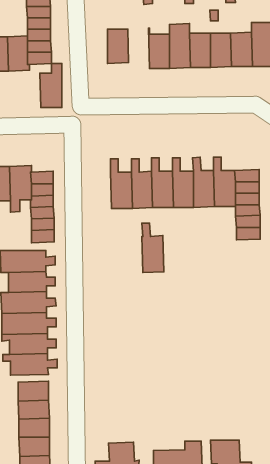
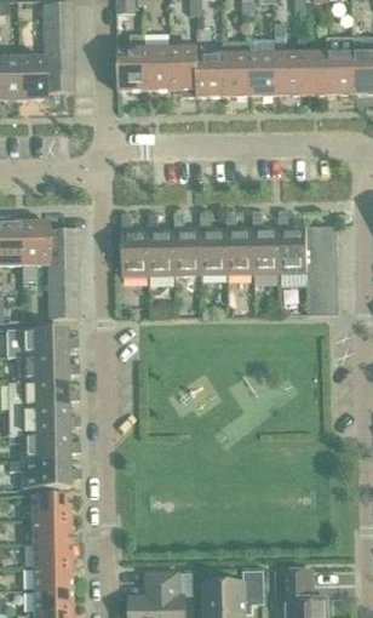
building: none -> [170,45,197,96]
building: [40,64,62,107] -> [116,34,144,90]
building: [142,223,164,273] -> [121,212,149,275]

